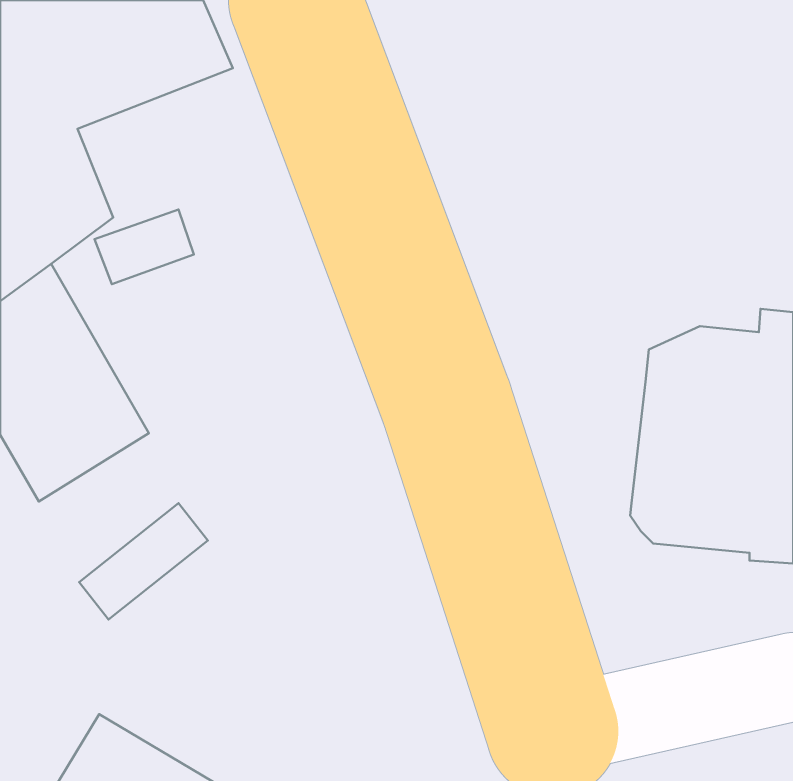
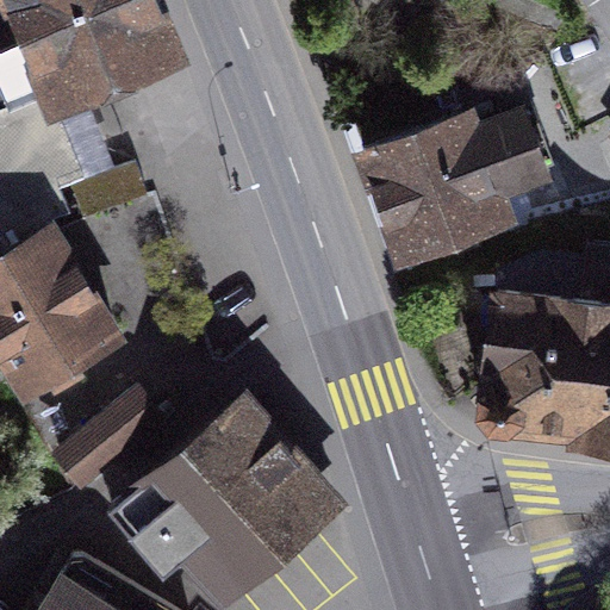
building: none -> [363,122,530,261]
building: none -> [113,400,328,604]

